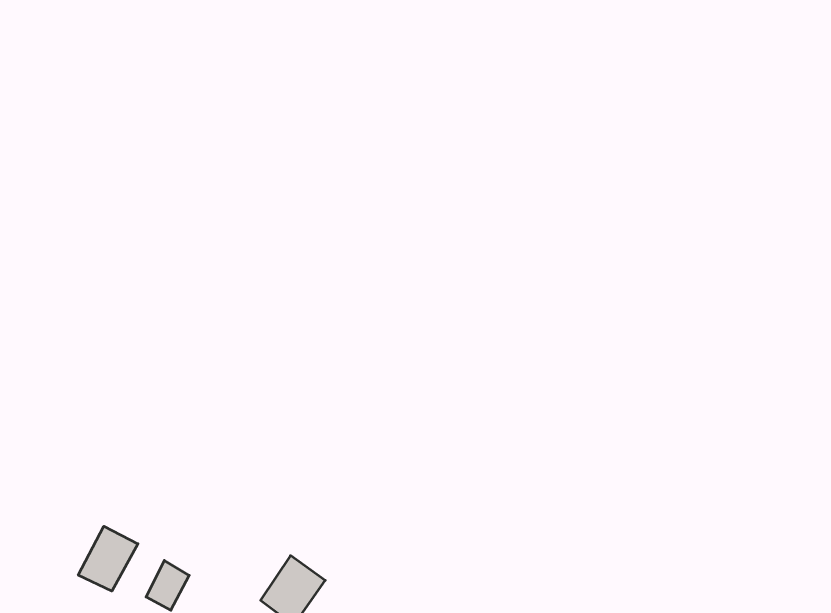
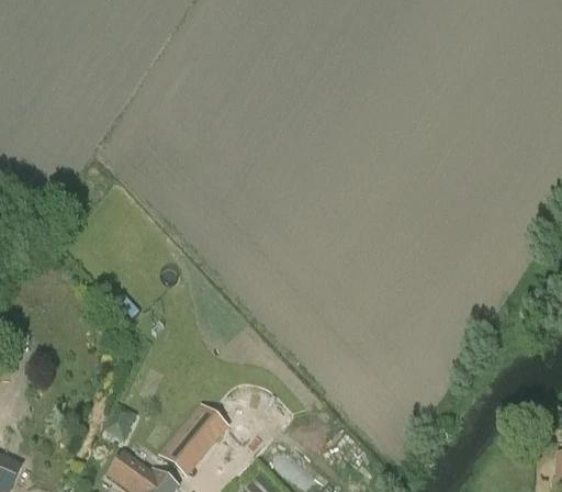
building: [78,526,138,591] -> none

